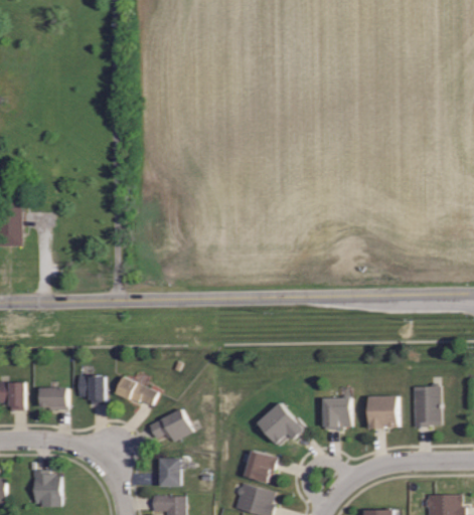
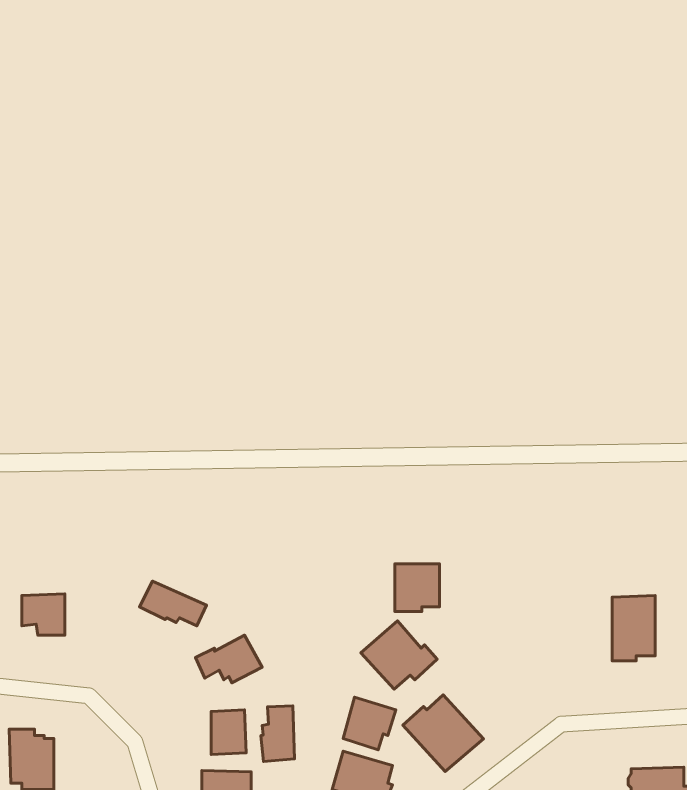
building: [77,374,104,404] -> none
building: [369,396,399,427] -> none
building: [320,398,348,428] -> [395,564,439,612]
building: none -> [403,695,484,772]
building: none -> [261,706,295,761]

